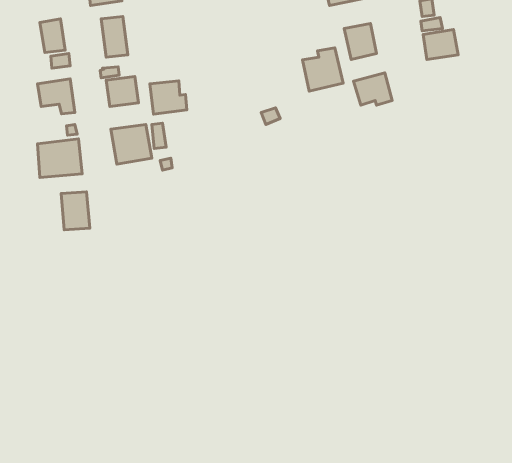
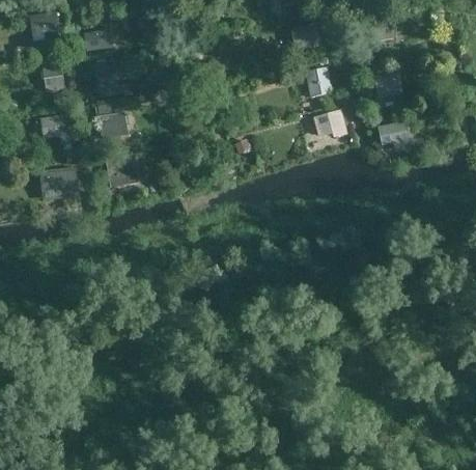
building: [303,48,343,91] -> none
building: [150,81,187,114] -> none
building: none -> [377,120,411,148]
building: [61,192,90,230] -> none

